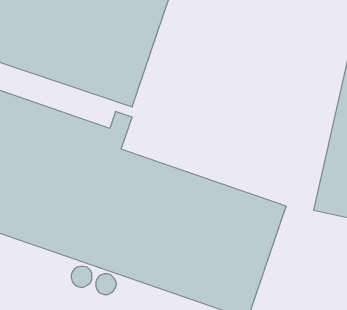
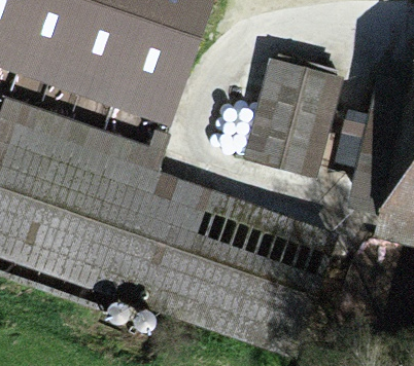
building: none -> [242,59,341,178]

